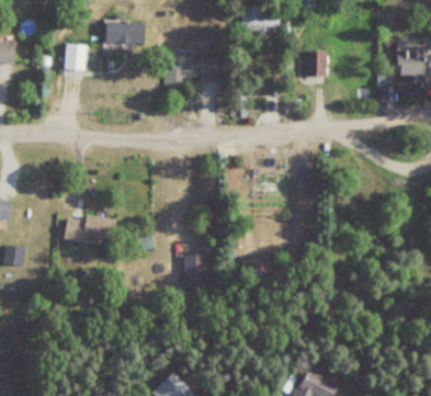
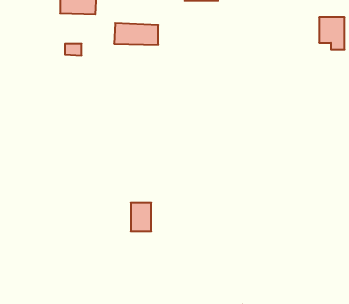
building: [65,45,86,70] -> none
building: [308,53,327,77] -> none
building: [65,215,116,246] -> none

